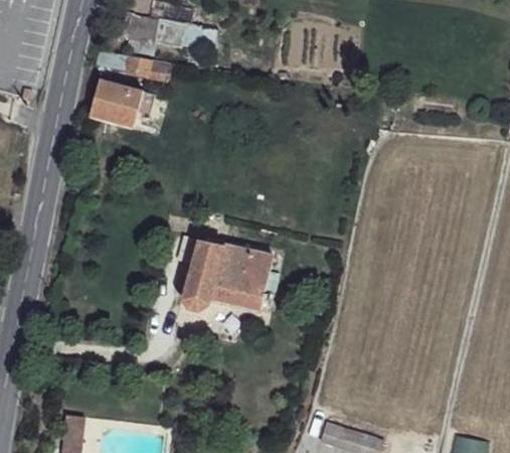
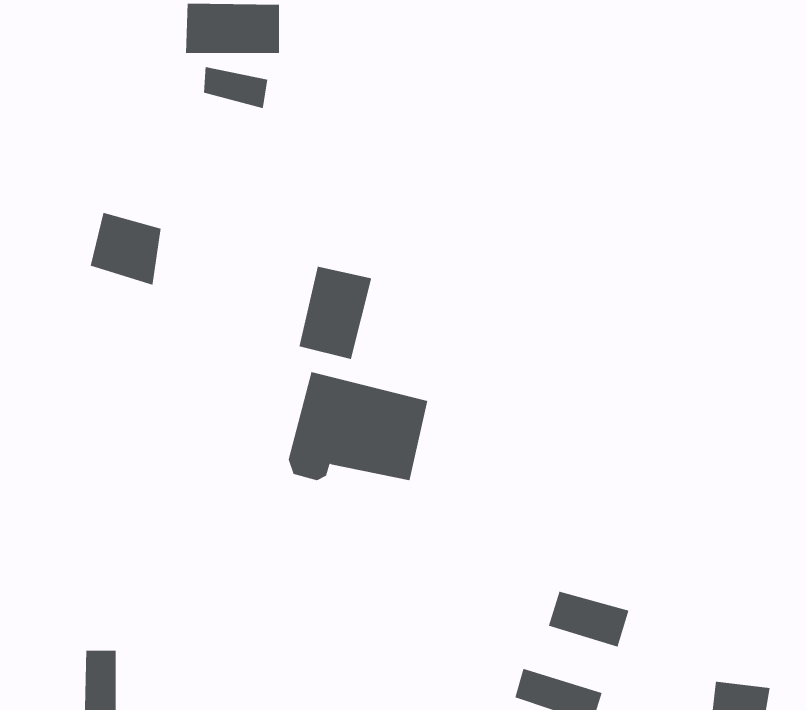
building: [97,80,141,125] -> [90,212,161,285]
building: none -> [299,266,372,360]
building: none -> [548,591,629,647]

